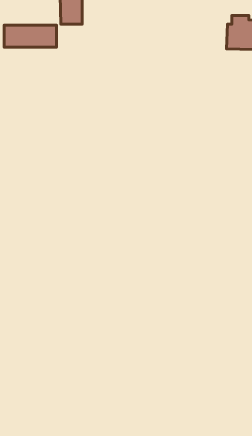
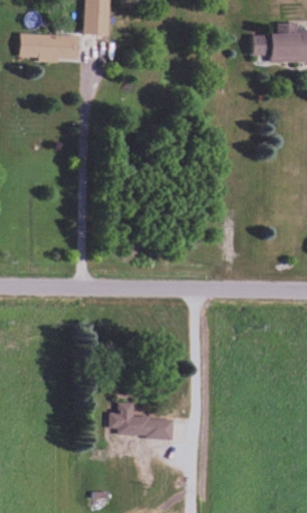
building: none -> [252,34,269,55]
building: none -> [108,402,175,439]

